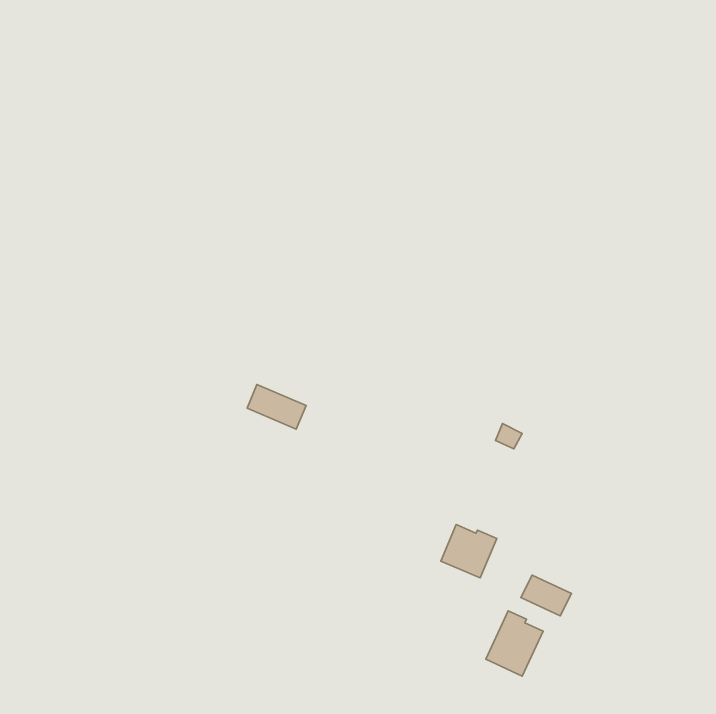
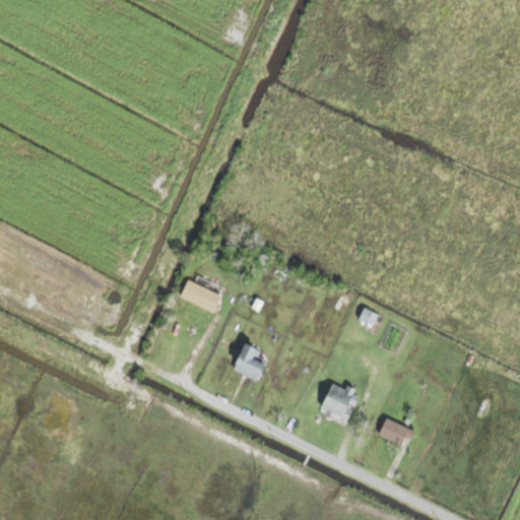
building: none -> [233,343,268,380]
building: [486,611,543,676] -> none

